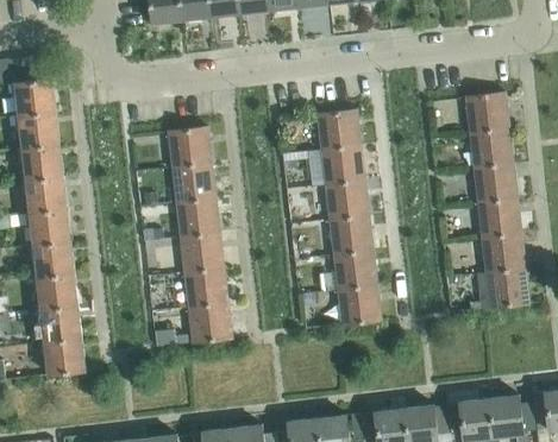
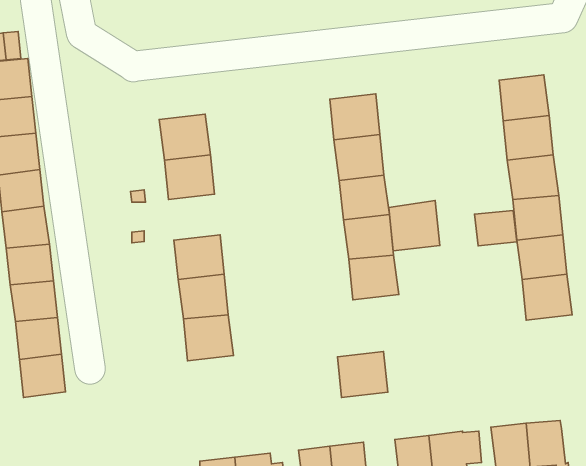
building: [175,197,220,238] -> none
building: none -> [389,201,440,251]
building: none -> [475,210,517,246]
building: [337,285,381,326] -> [338,352,388,398]

